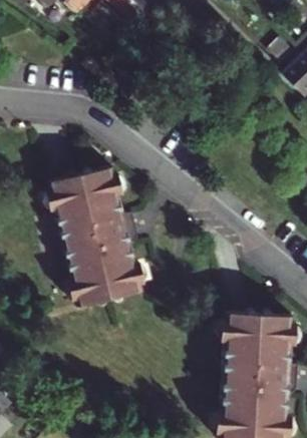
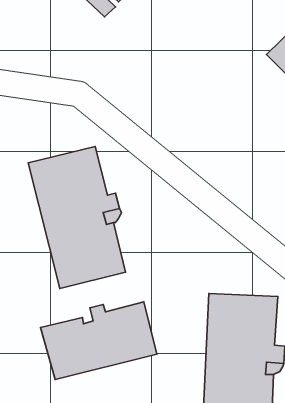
building: none -> [41,302,157,379]

